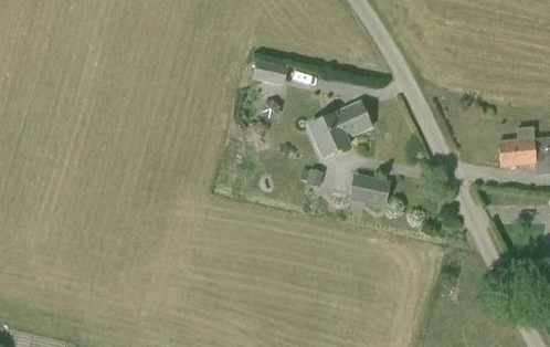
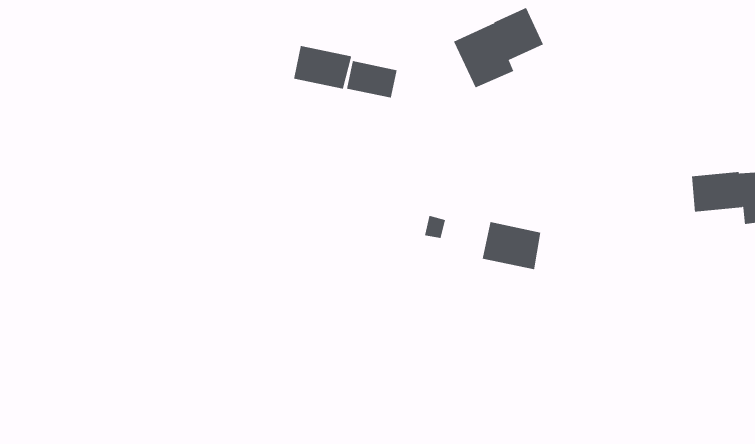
building: none -> [294,45,352,89]
building: [307,99,371,157] -> [453,7,544,88]

